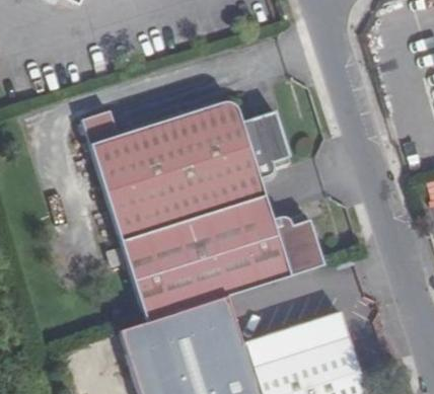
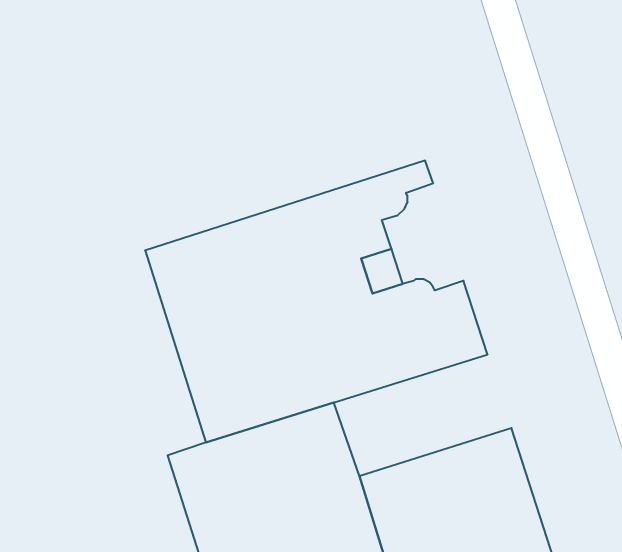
building: [83,101,286,200] -> none

